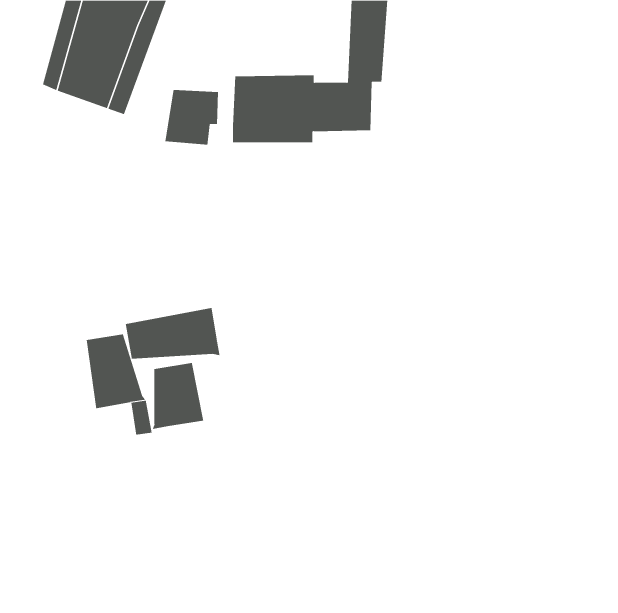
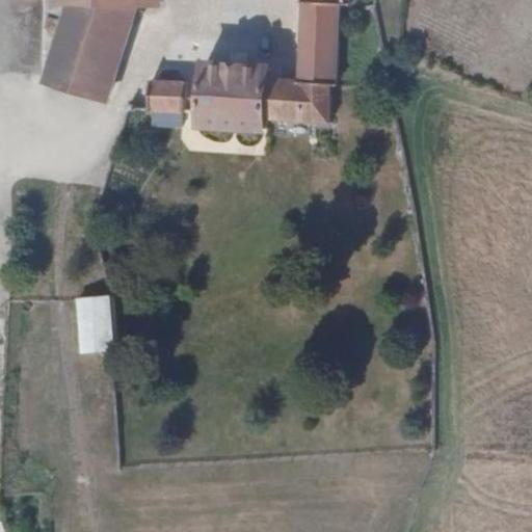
building: [125,307,220,359] -> none
building: [152,362,204,430] -> none

